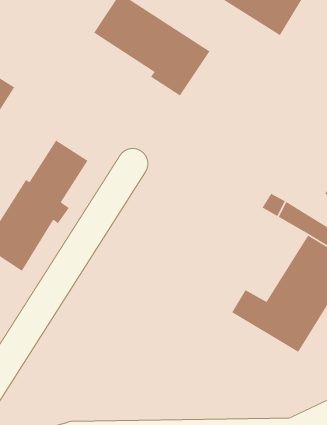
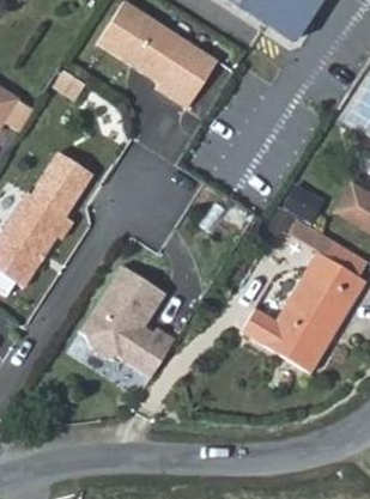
building: none -> [83,266,180,377]

